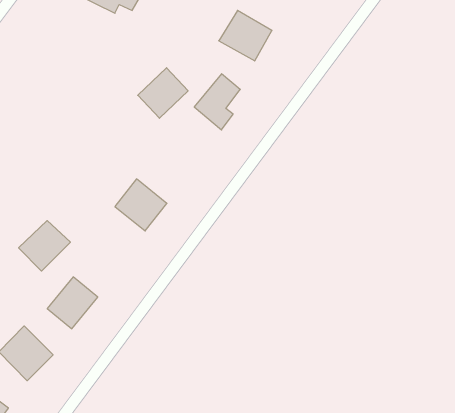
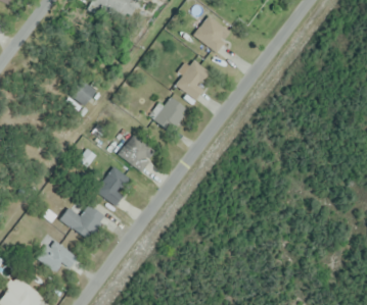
building: [138,68,188,118] -> [151,96,187,132]
building: none -> [67,75,97,105]
building: [19,221,70,271] -> [96,168,133,204]

